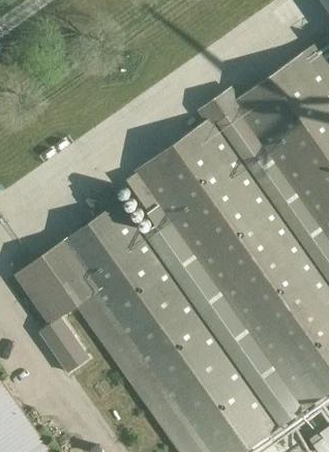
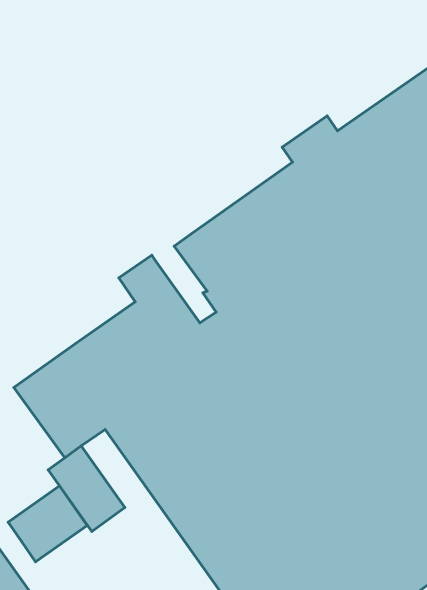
building: none -> [8,486,87,562]

